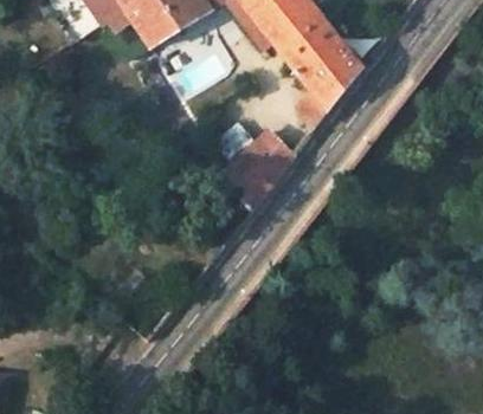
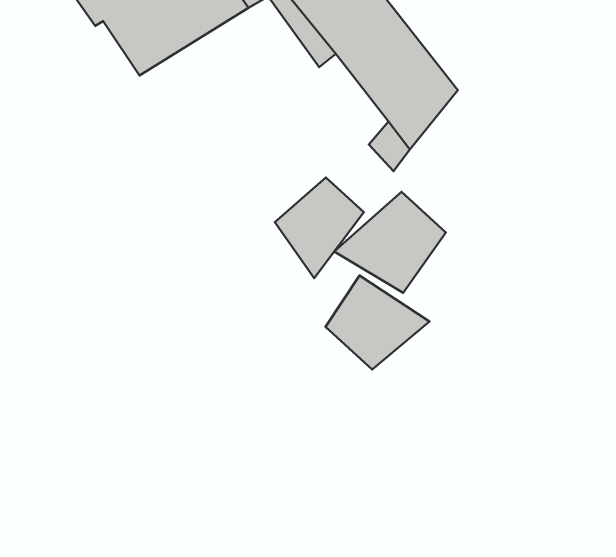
building: none -> [334,192,446,293]
building: none -> [325,275,430,370]

